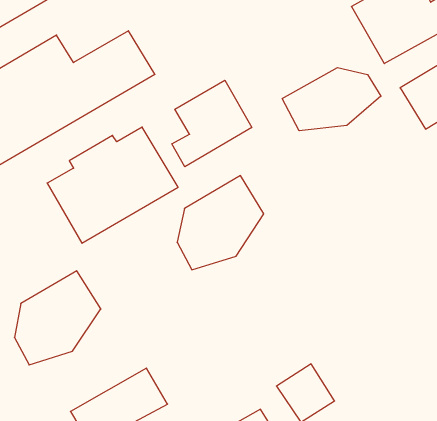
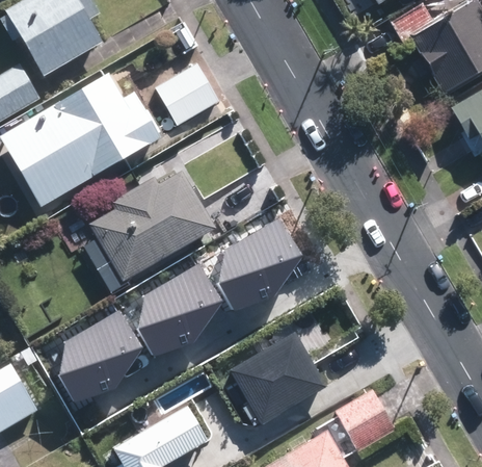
building: [282,68,381,131] -> none
building: [172,80,252,167] -> none
building: none -> [139,261,224,354]
building: none -> [233,330,330,422]

